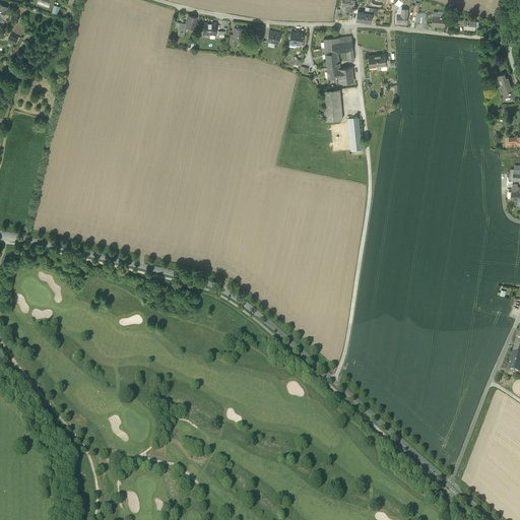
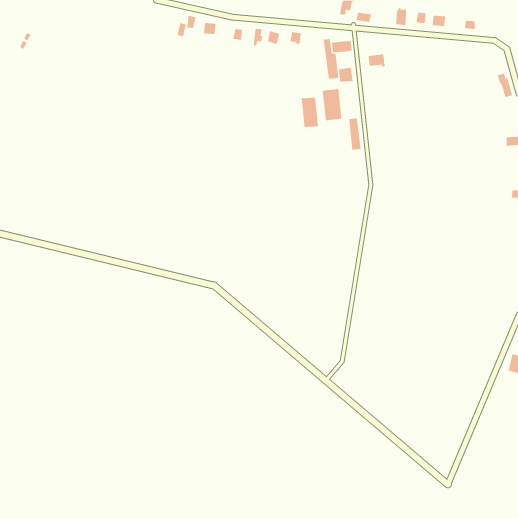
building: none -> [301,97,318,128]

